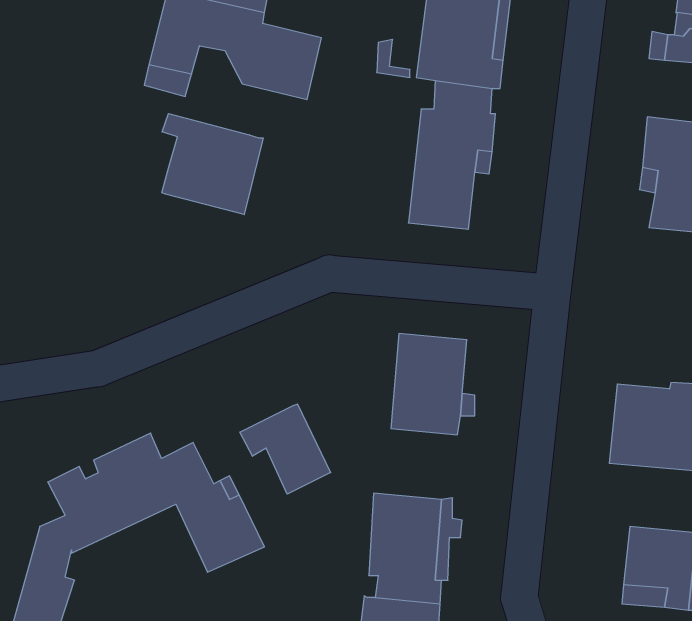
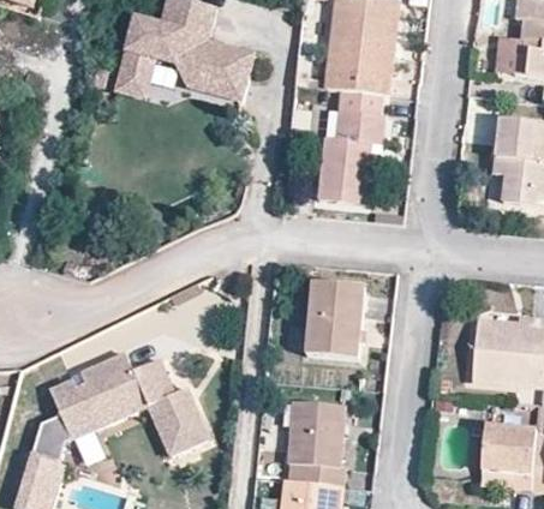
building: [162,114,263,215] -> none
building: [240,404,331,494] -> none

